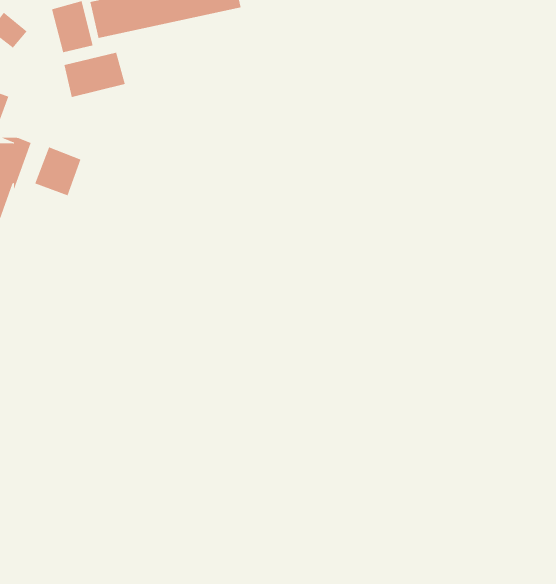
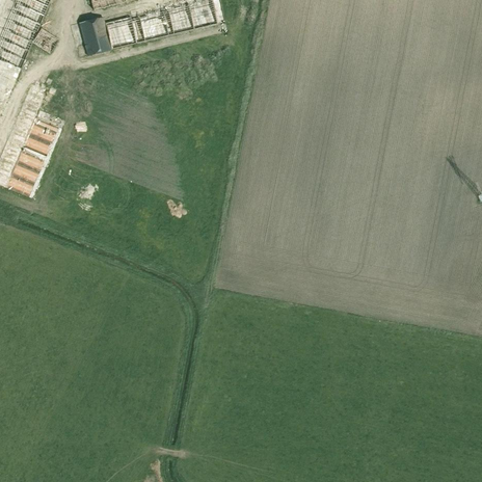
building: [64,52,126,98] -> none
building: [34,147,81,196] -> none

